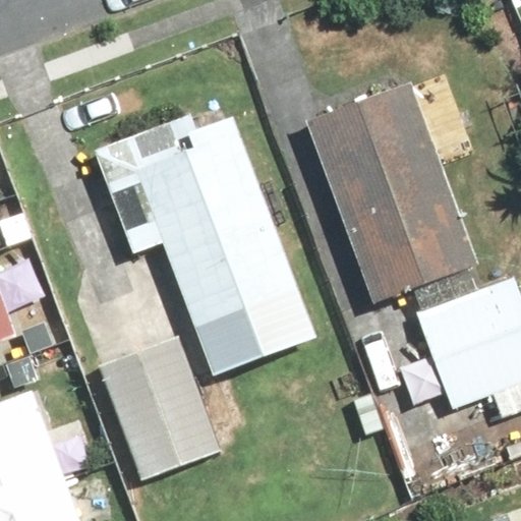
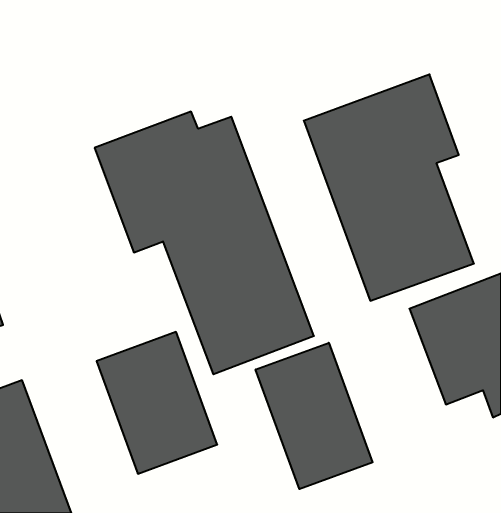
building: none -> [256,343,373,489]

